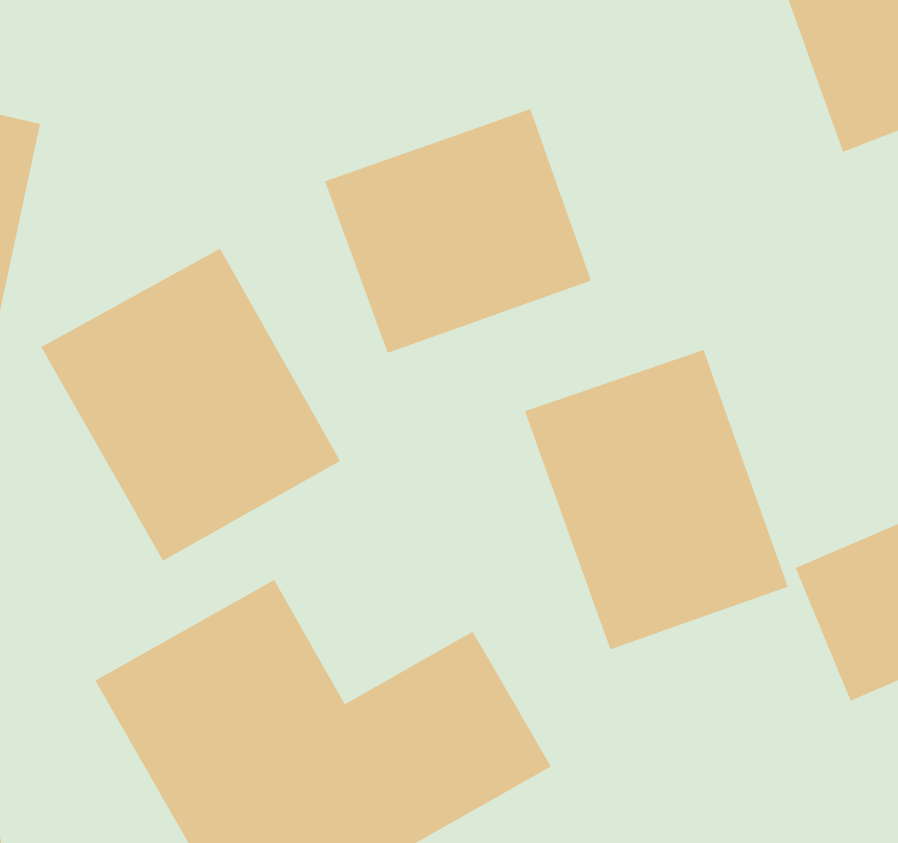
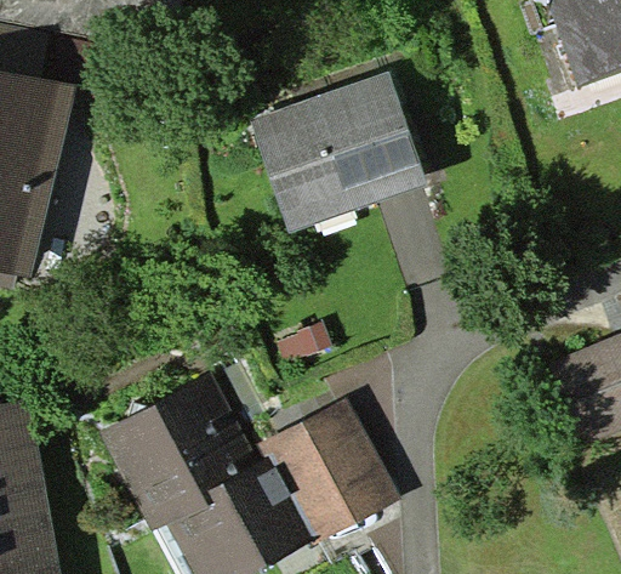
building: [41,248,341,562] -> none
building: [524,349,788,650] -> none

